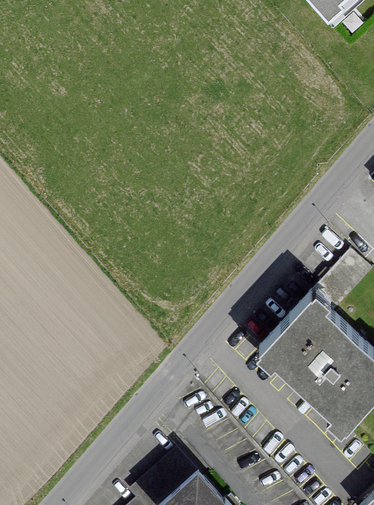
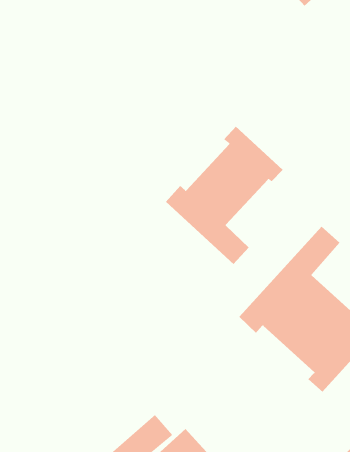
building: none -> [165,126,283,265]

